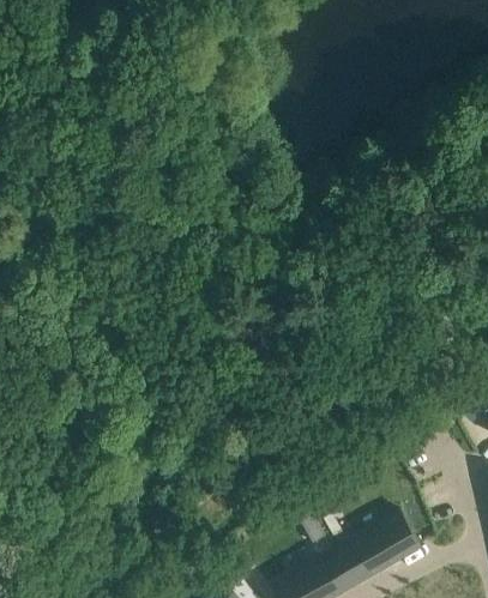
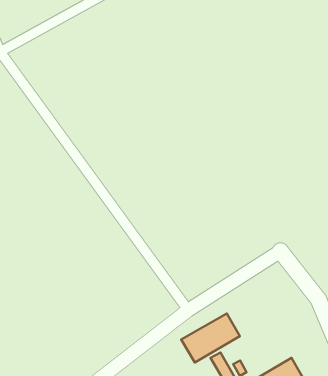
building: none -> [181,314,240,363]

